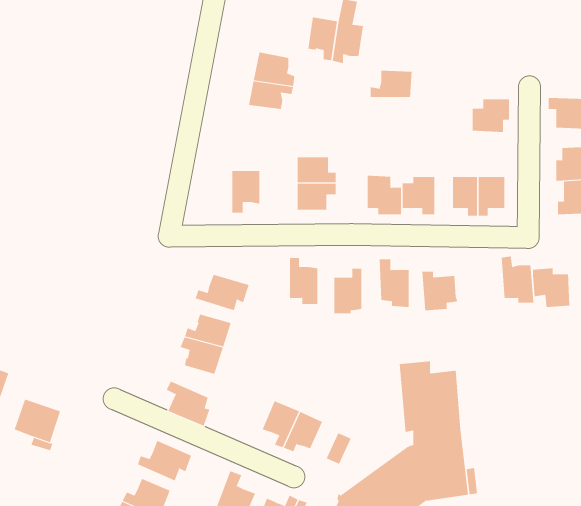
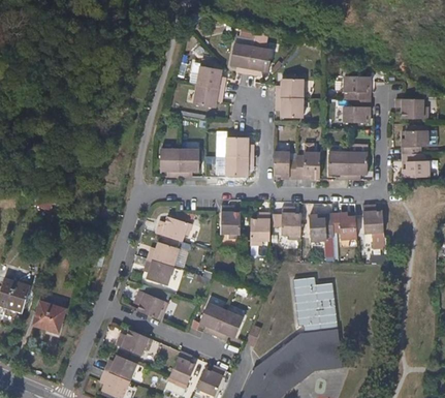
building: none -> [343,74,369,98]
building: none -> [274,97,301,116]
building: none -> [162,147,180,176]
building: [532,268,570,307] -> [331,213,357,240]

